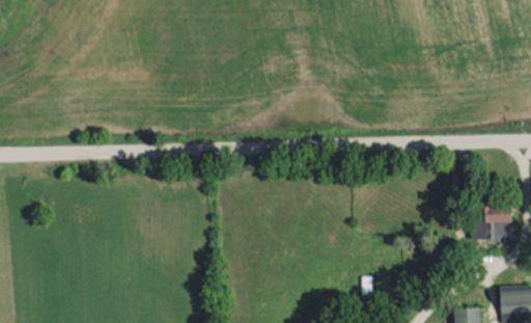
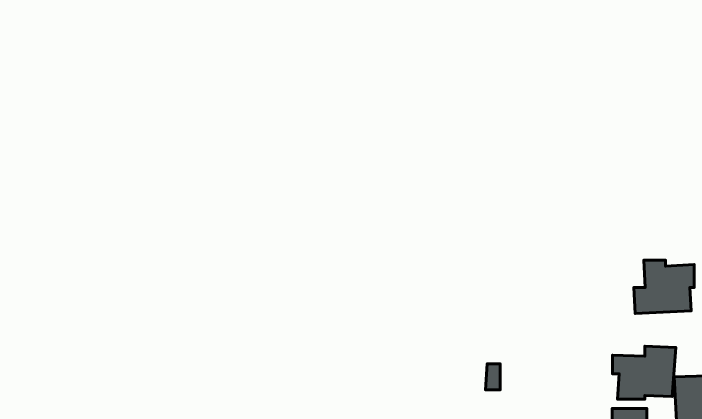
building: none -> [612,346,676,399]

